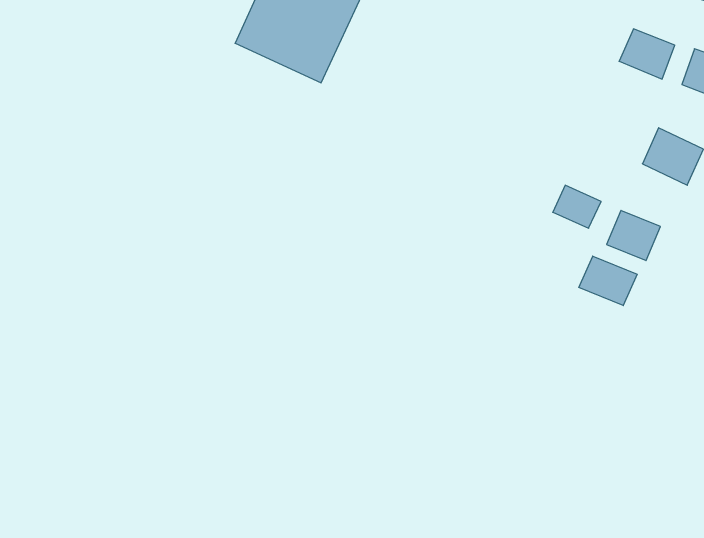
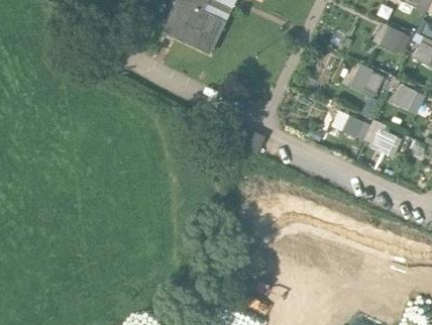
building: none -> [347,63,380,94]
building: [579,256,637,306] -> none

